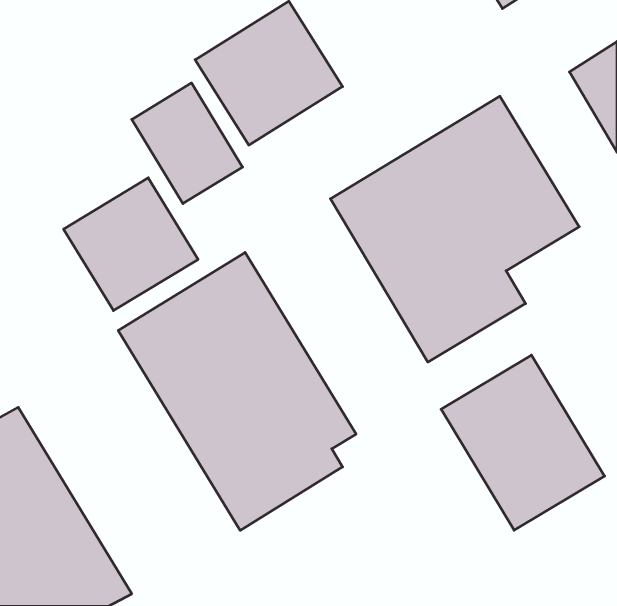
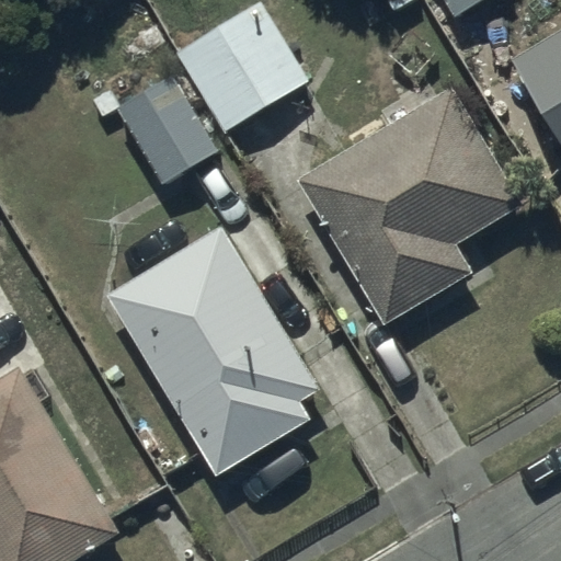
building: [64,178,198,311] -> none
building: [441,355,605,530] -> none

